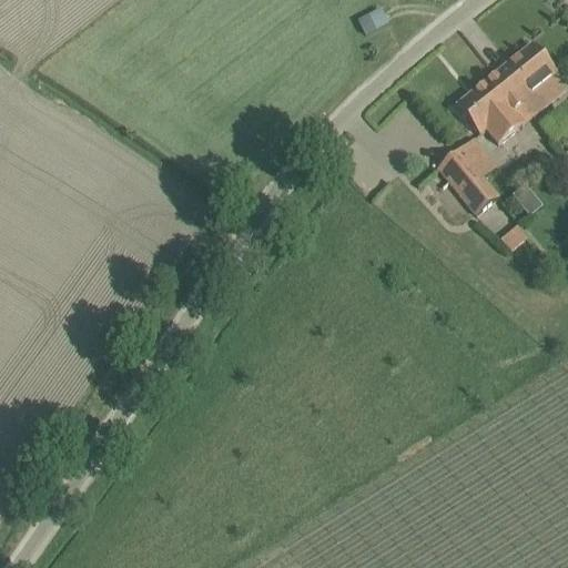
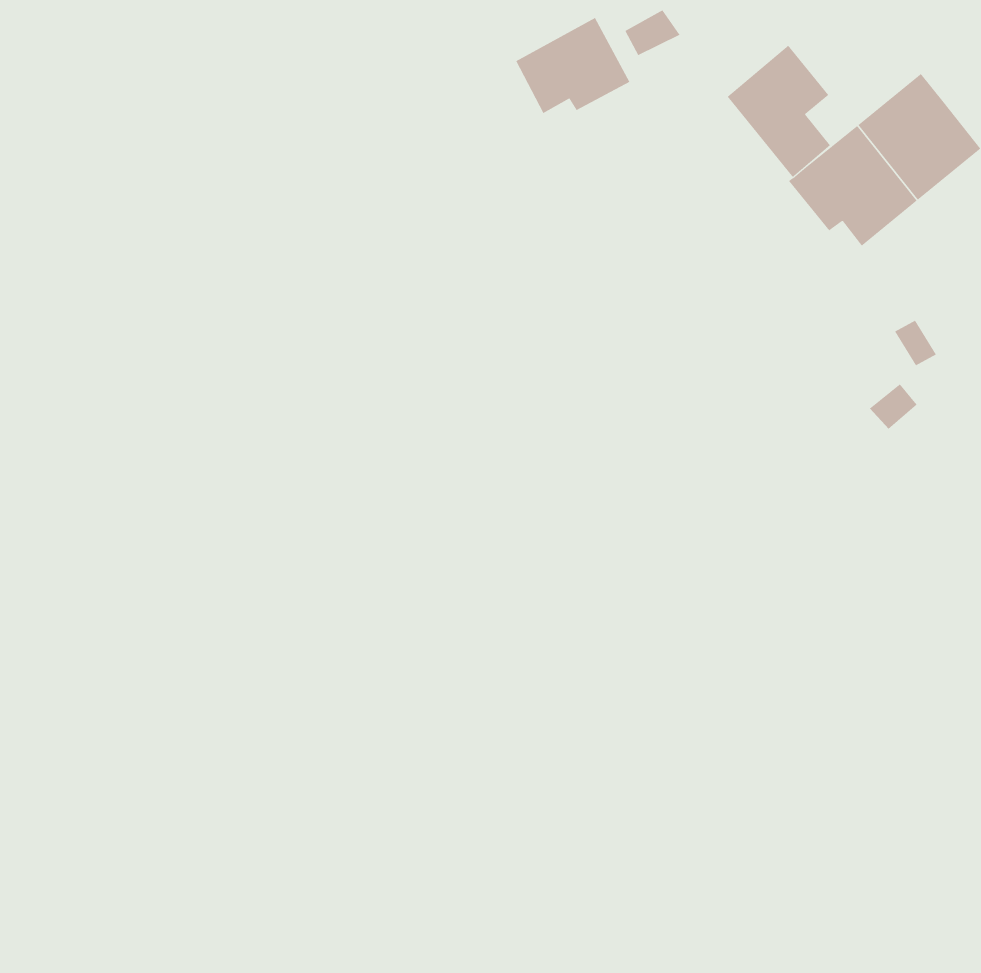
building: none -> [516,17,630,114]
building: [436,136,496,213] -> [727,45,831,178]

